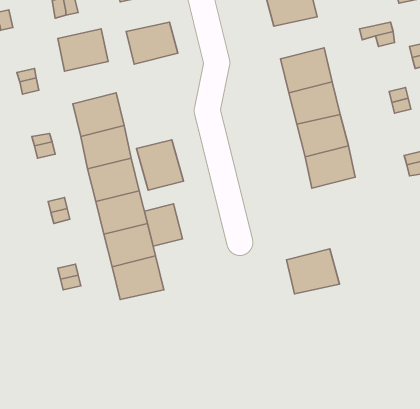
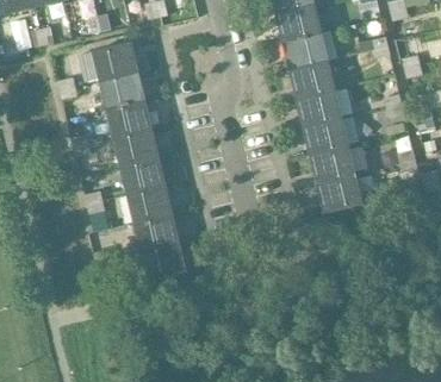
building: none -> [284,31,328,68]
building: [126,22,178,64] -> [100,70,145,107]
building: [137,140,183,190] -> none
building: [144,204,182,246] -> none
building: [286,249,339,294] -> [317,171,364,211]

